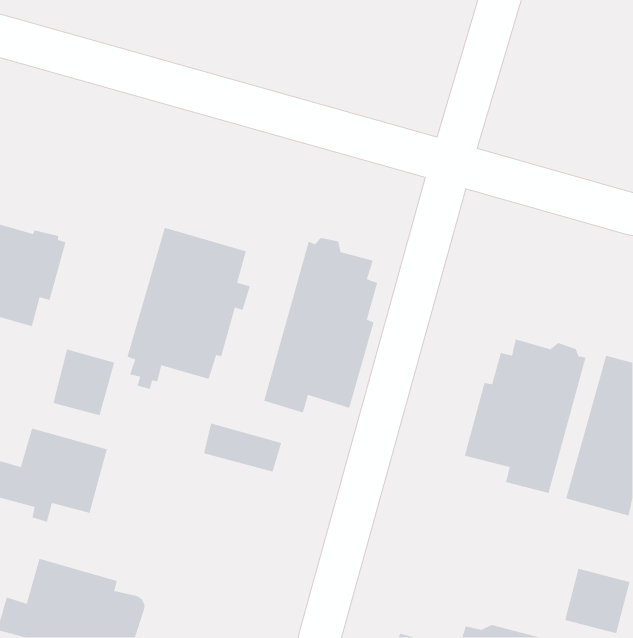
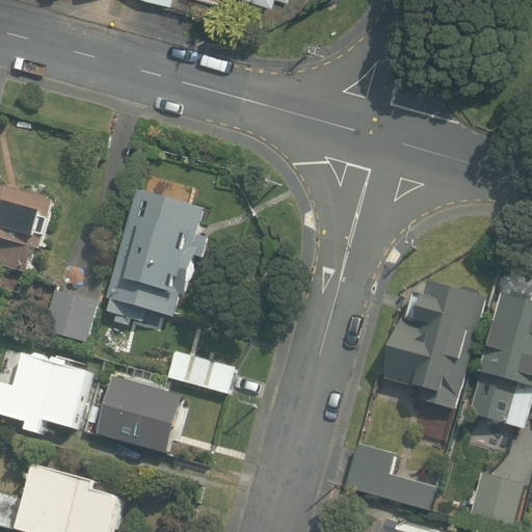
building: [263,237,378,413] -> none
building: none -> [98,377,185,454]
building: none -> [346,444,434,508]

